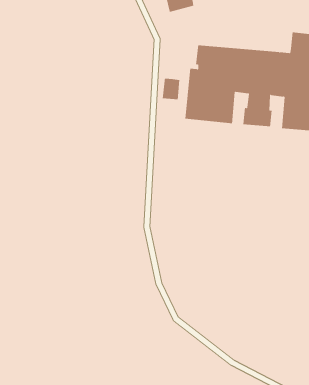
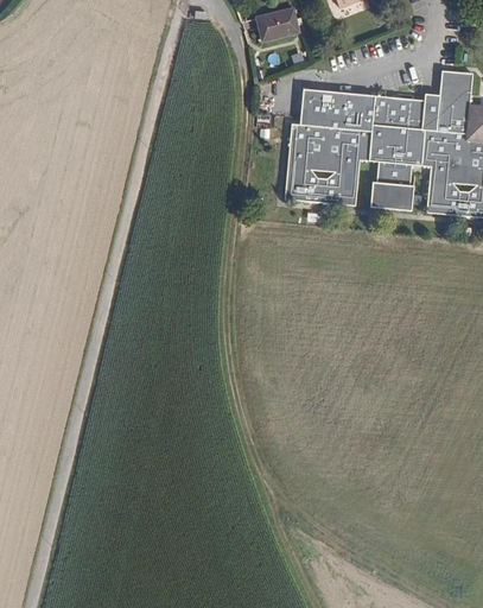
building: [162,78,180,100] -> none

